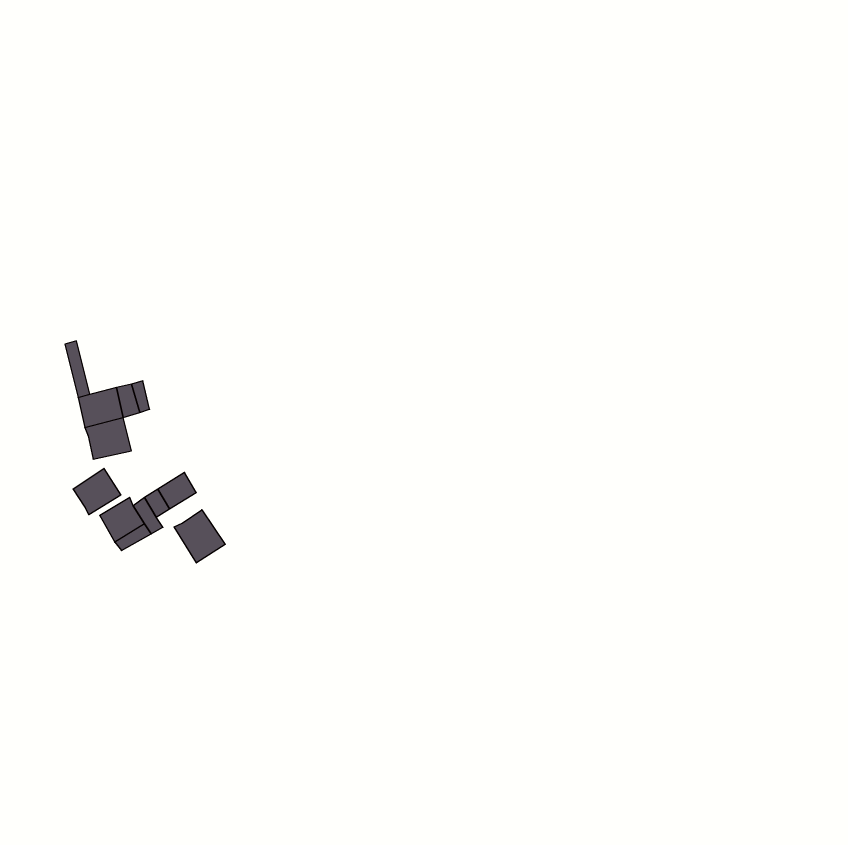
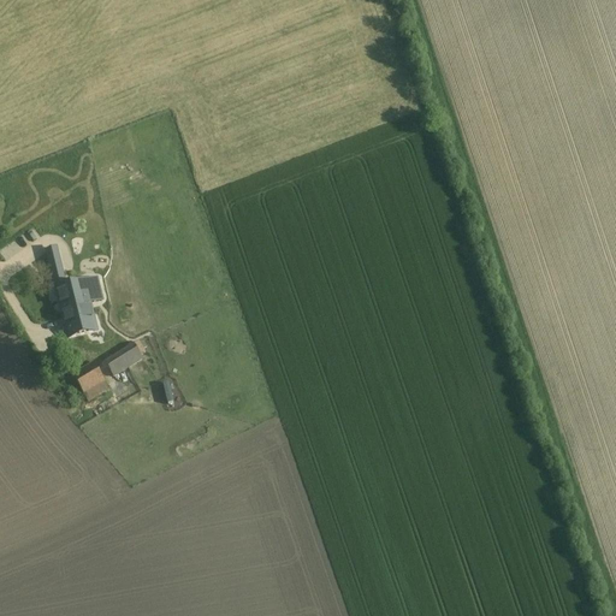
building: [73,468,121,515] -> none
building: [174,510,225,563] -> none

